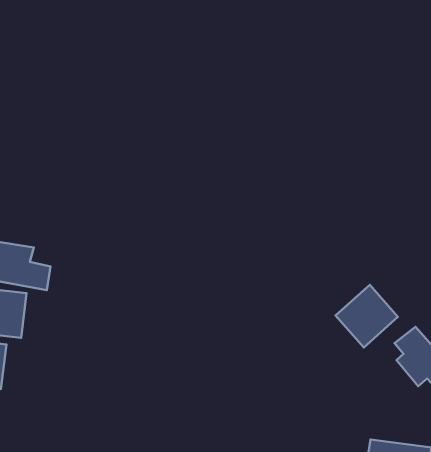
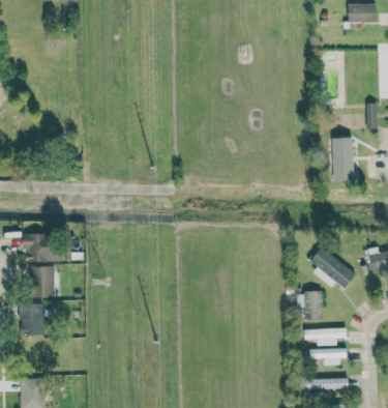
building: [336,285,398,348] -> none
building: none -> [297,292,323,320]

